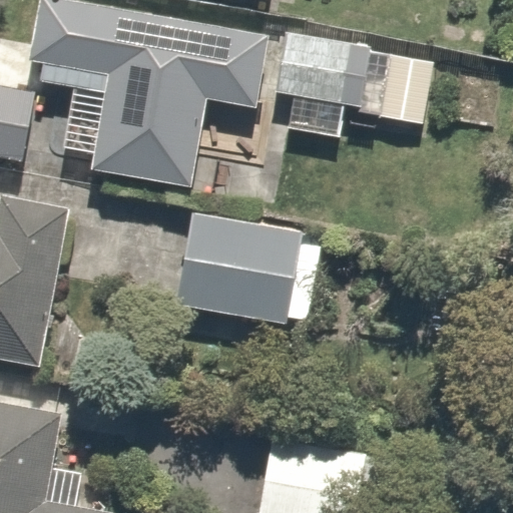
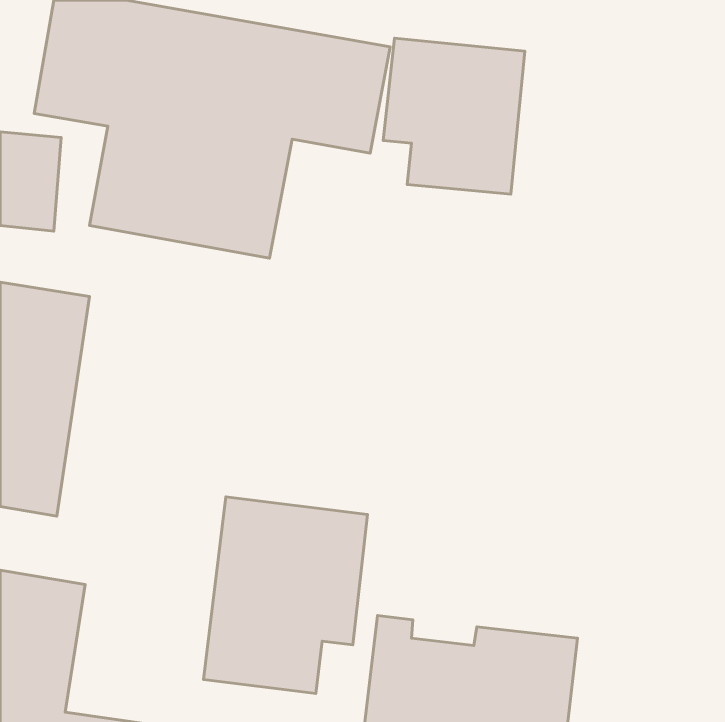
building: [177,211,313,327] -> none
building: none -> [203,497,368,694]

